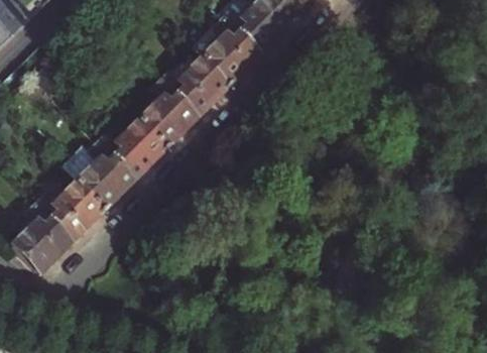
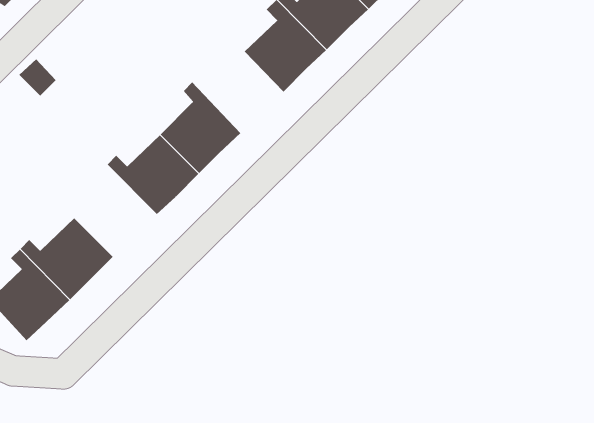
building: [161,55,229,116] -> none
building: [60,139,135,208] -> none

